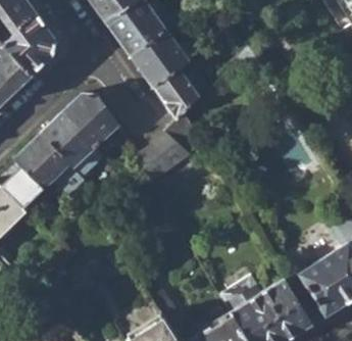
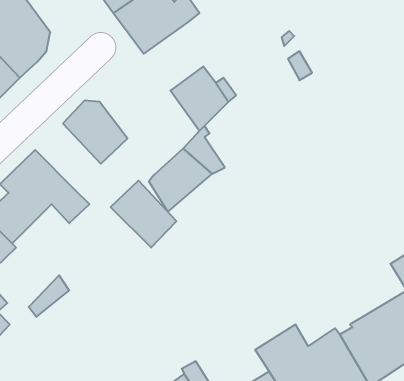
building: [130,30,188,85] -> none
building: [42,111,95,165] -> [111,181,176,248]

